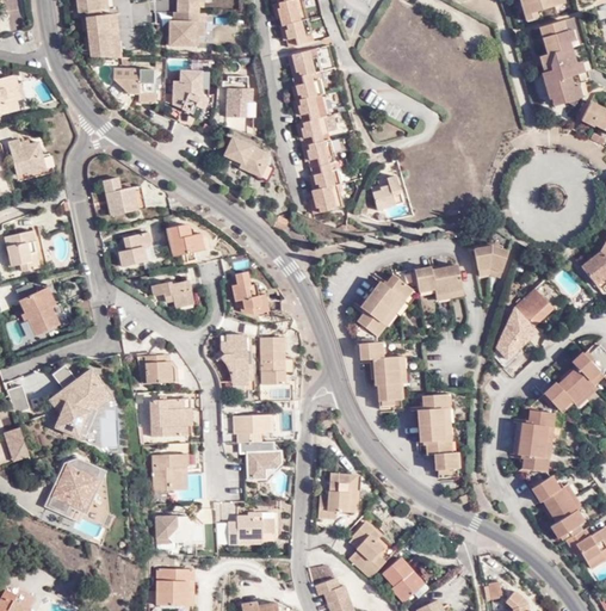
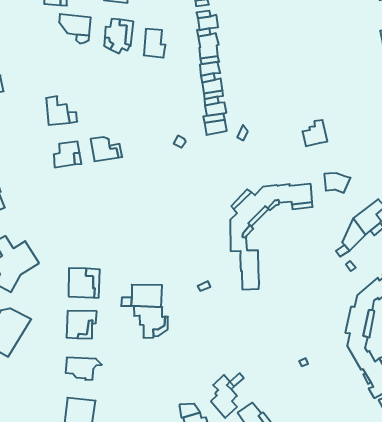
building: [223,136,270,178] -> none
building: [372,174,406,210] -> [302,120,327,146]
building: [231,270,266,311] -> none
building: [152,279,193,307] -> none
building: [217,334,248,390] -> none
building: [260,337,284,383] -> none
building: [140,352,174,382] -> none
building: [414,393,456,477] -> none
building: [319,471,357,519] -> none
building: [228,512,276,544] -> none

